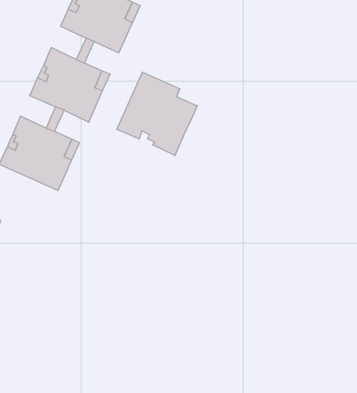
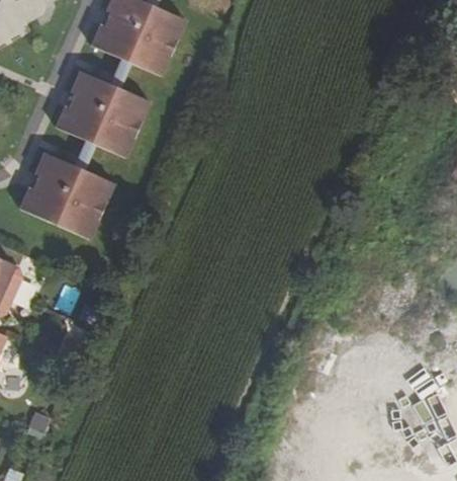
building: [117,72,197,156] -> none

